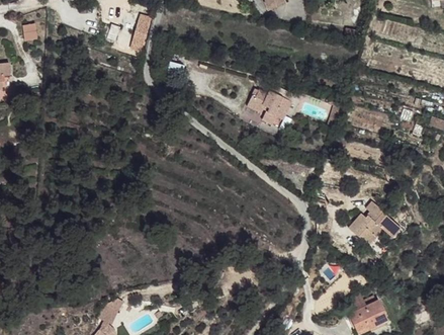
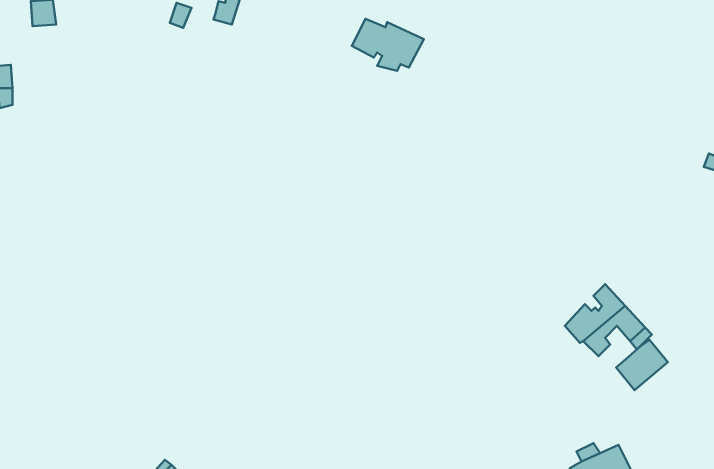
building: [249,88,292,119] -> [352,19,424,71]
building: none -> [616,340,668,390]

